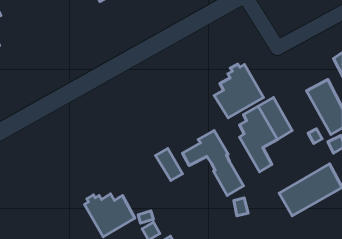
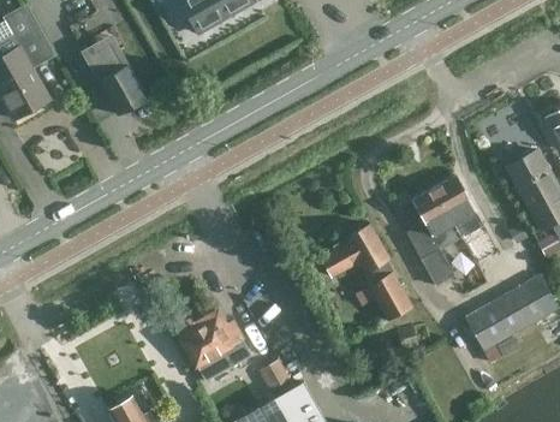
building: none -> [85,40,148,115]
building: [214,64,264,118] -> none
building: [156,148,183,180] -> none

